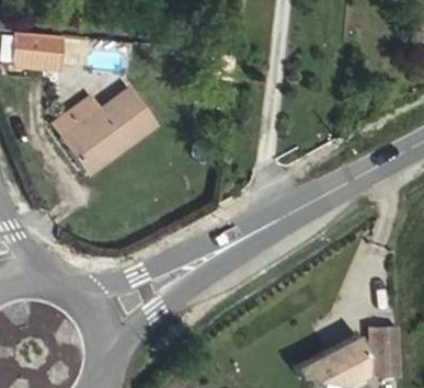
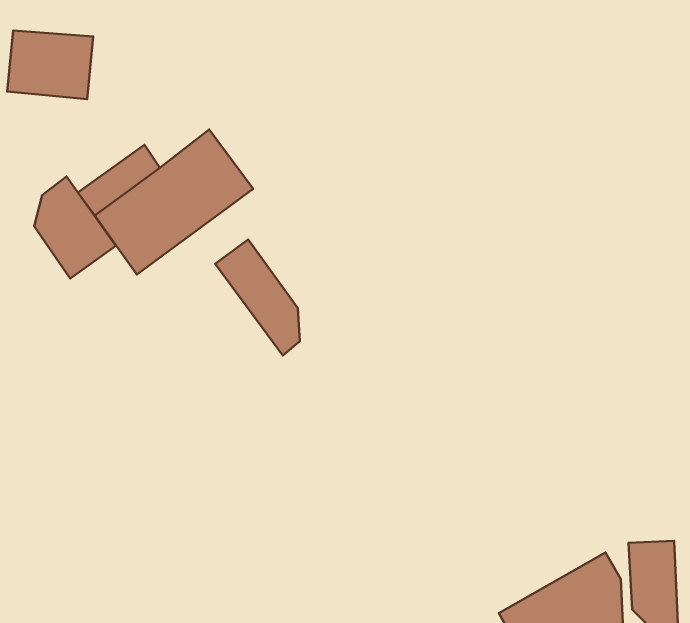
building: none -> [34,177,116,278]
building: none -> [215,239,300,355]

